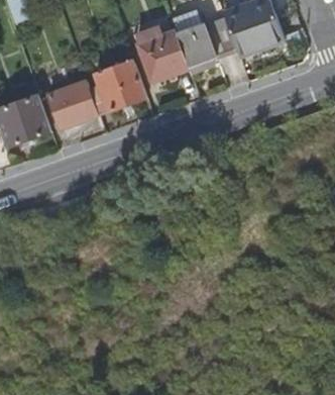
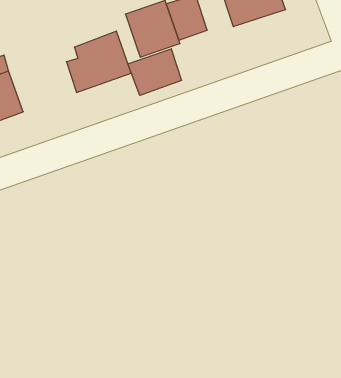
building: none -> [128,49,182,95]
building: [47,82,97,126] -> none

